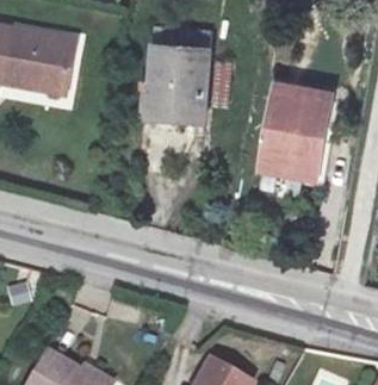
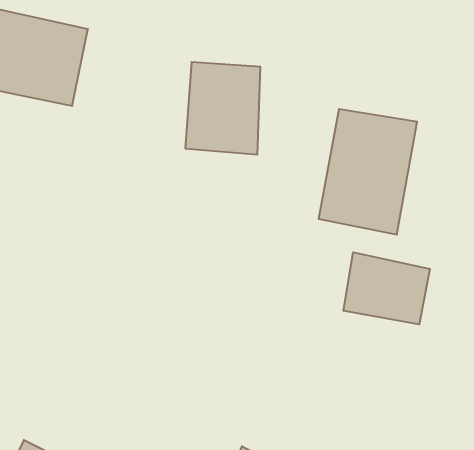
building: none -> [344,252,430,325]

